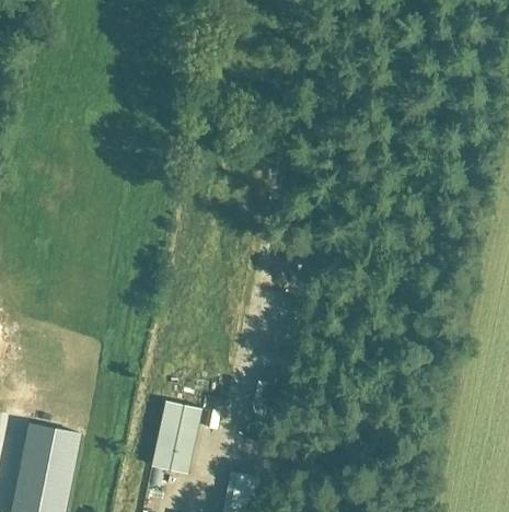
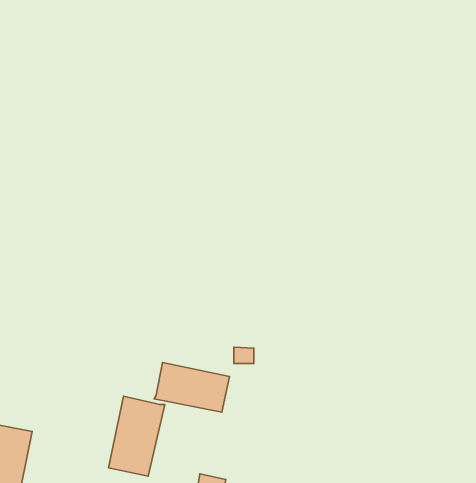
building: none -> [154,362,230,412]

